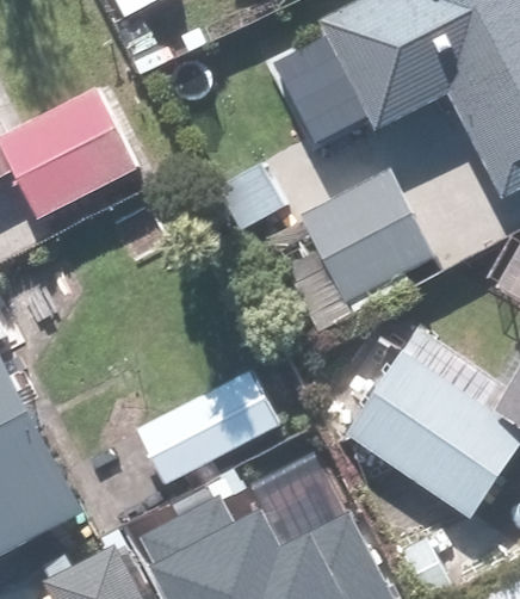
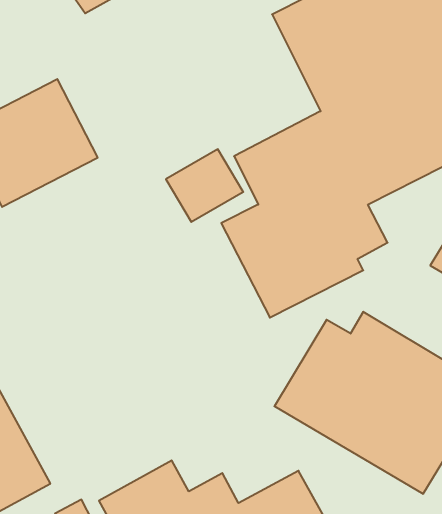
building: [129,370,280,489] -> none

